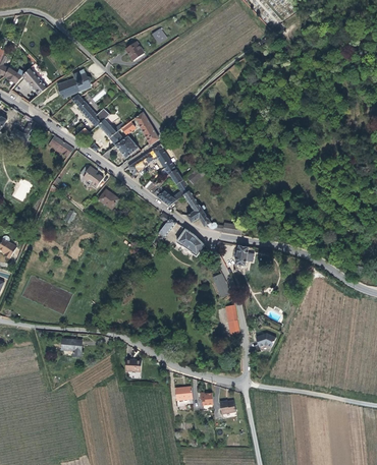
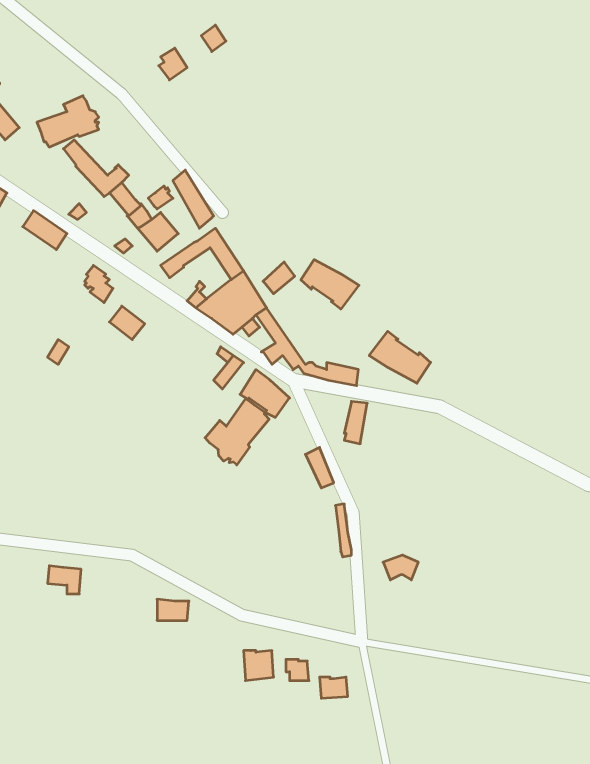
building: none -> [301,260,359,309]
building: none -> [369,331,431,383]
building: none -> [205,398,269,465]

